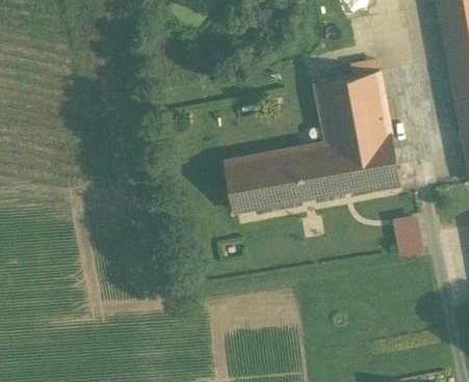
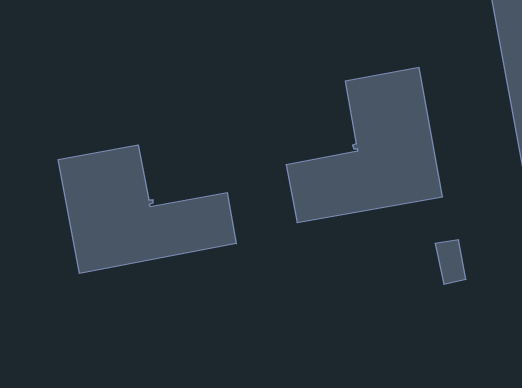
building: none -> [58,145,236,273]
building: [225,156,276,213] -> none

